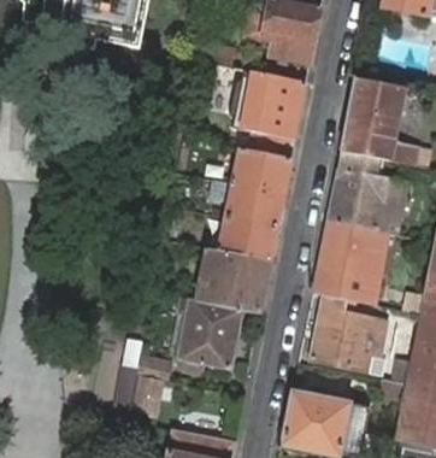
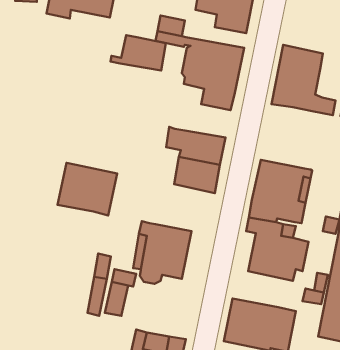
building: [222,148,290,192] -> [110,35,166,70]
building: [328,151,405,231] -> none
building: [198,247,271,312] -> [58,163,117,216]

